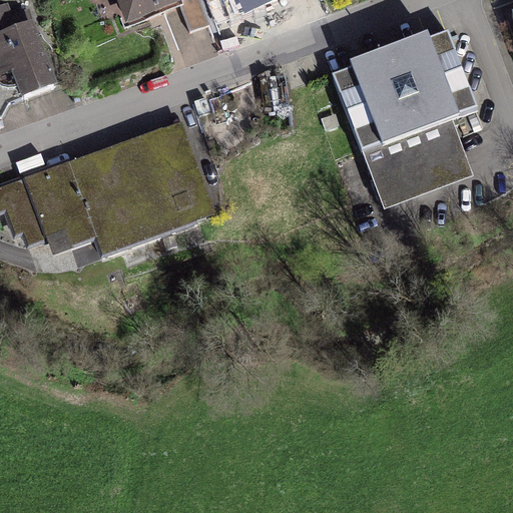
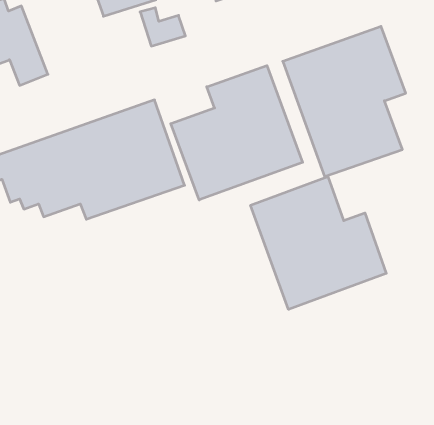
building: none -> [171,66,303,200]
building: none -> [251,176,386,309]

